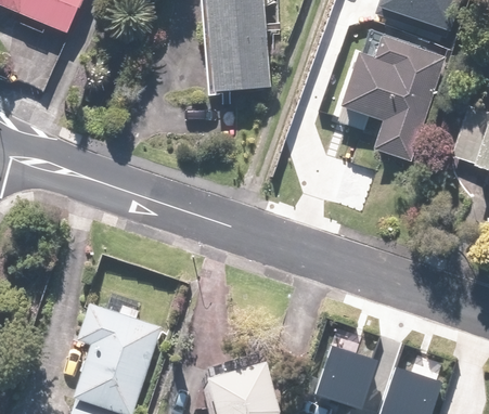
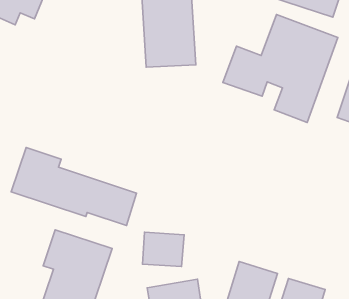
building: none -> [11,147,136,225]
building: none -> [143,232,184,266]

